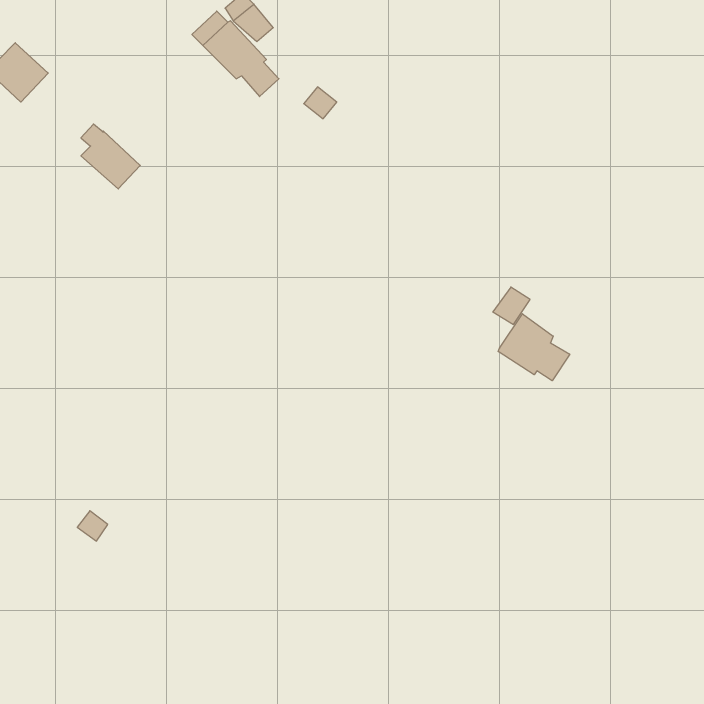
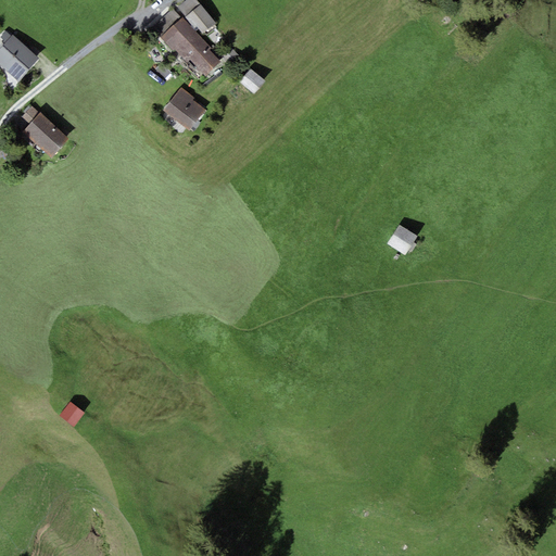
building: none -> [162,86,204,129]
building: [81,124,140,189] -> [21,105,67,156]
building: [498,314,570,381] -> none

